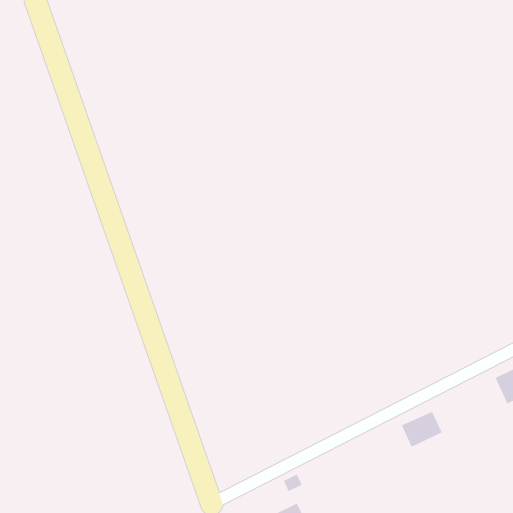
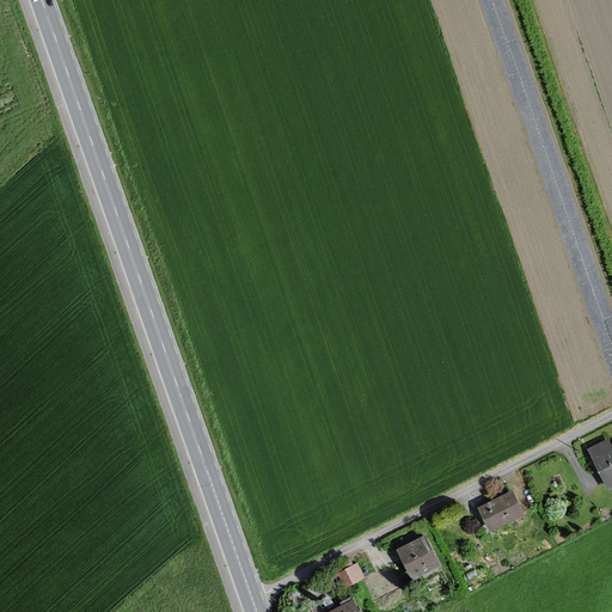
building: none -> [396,537,436,579]

